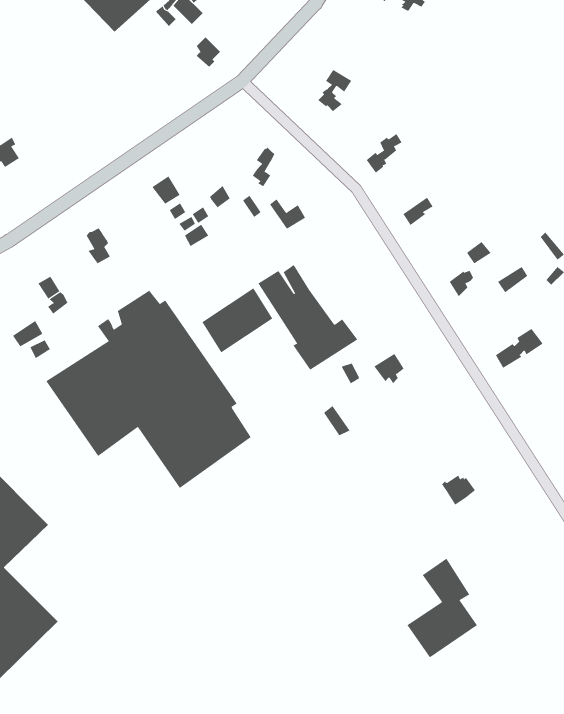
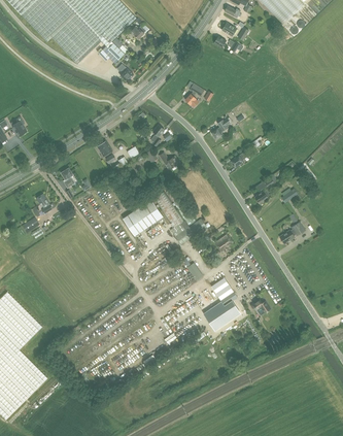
building: [45,290,252,489] -> none
building: [406,558,478,658] -> [203,277,241,331]

